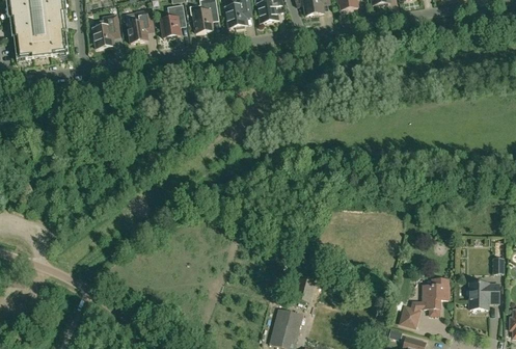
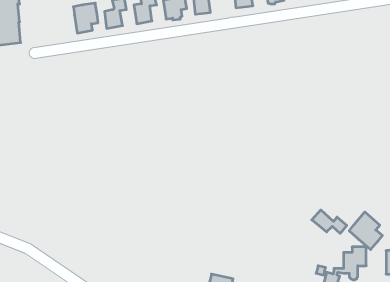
building: [93,15,119,48] -> none
building: none -> [312,210,347,233]
building: none -> [349,212,382,250]

